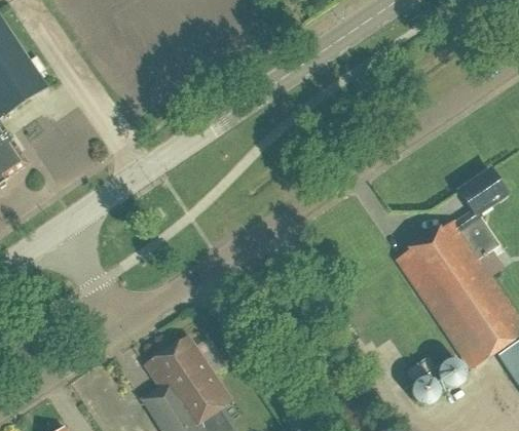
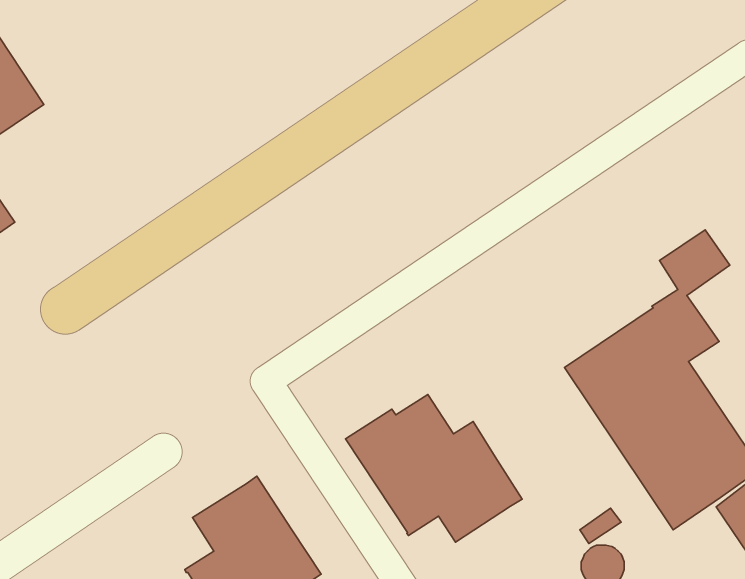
building: none -> [346,394,522,542]
building: [434,360,464,390] -> none

